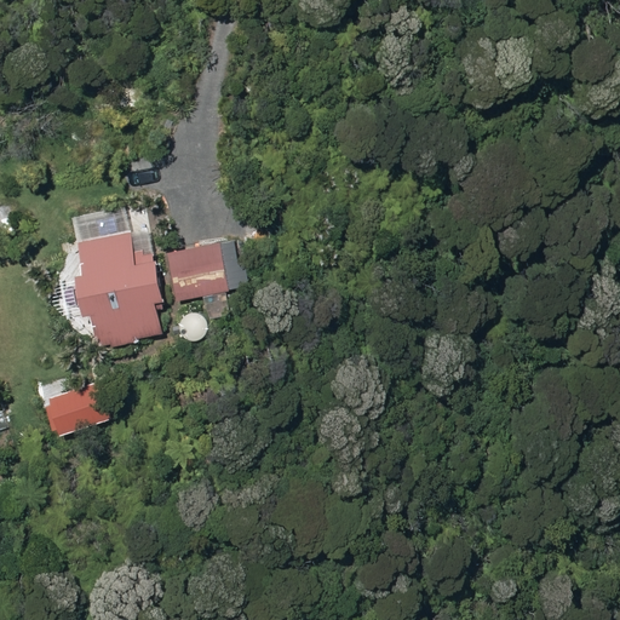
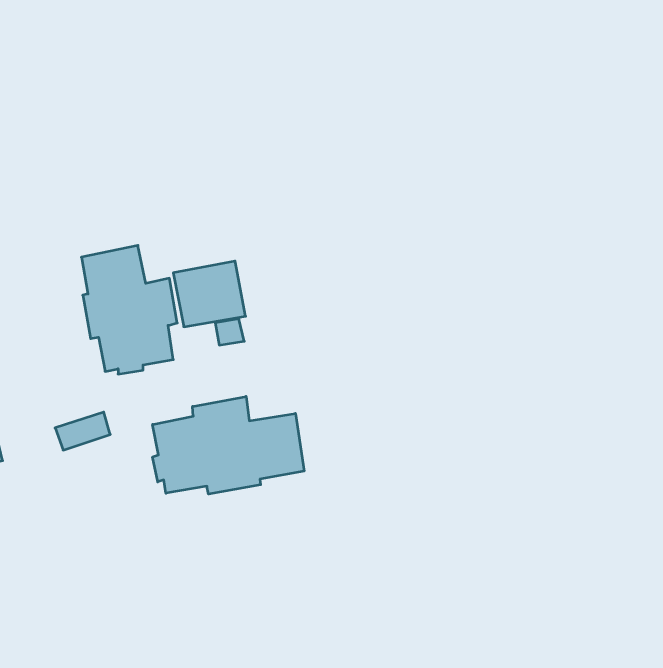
building: none -> [153,396,304,494]

